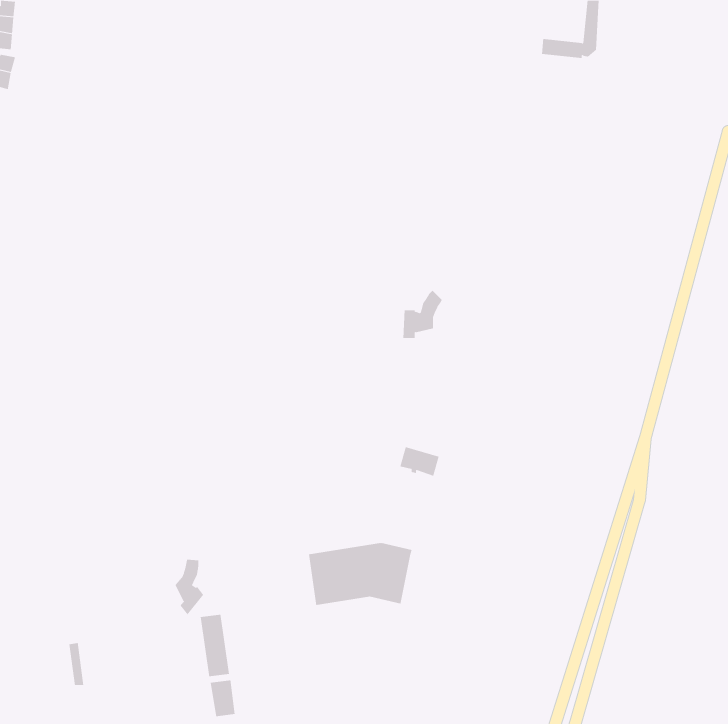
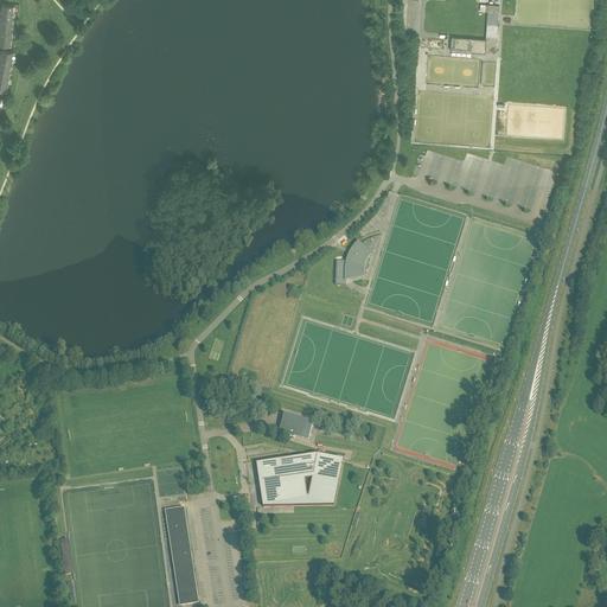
building: [400,446,440,476] -> [279,411,312,436]
building: [175,559,204,615] -> none

